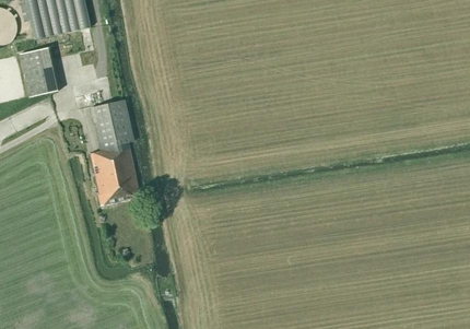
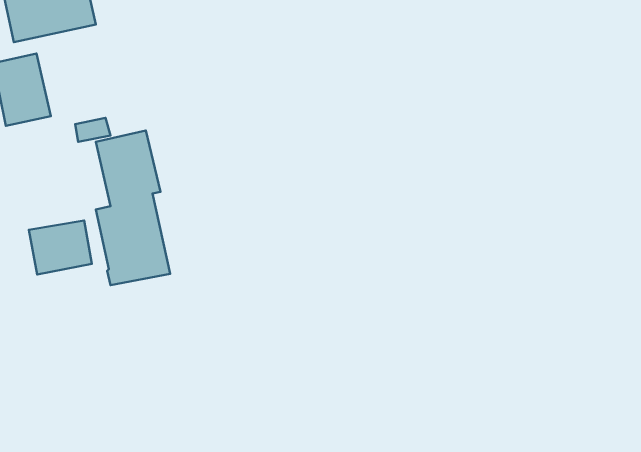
building: none -> [29,221,92,274]

